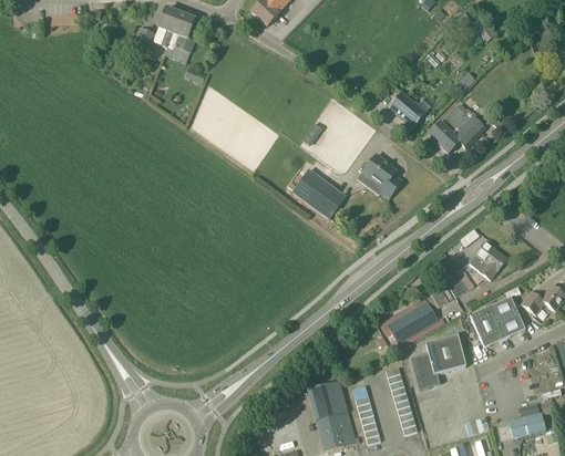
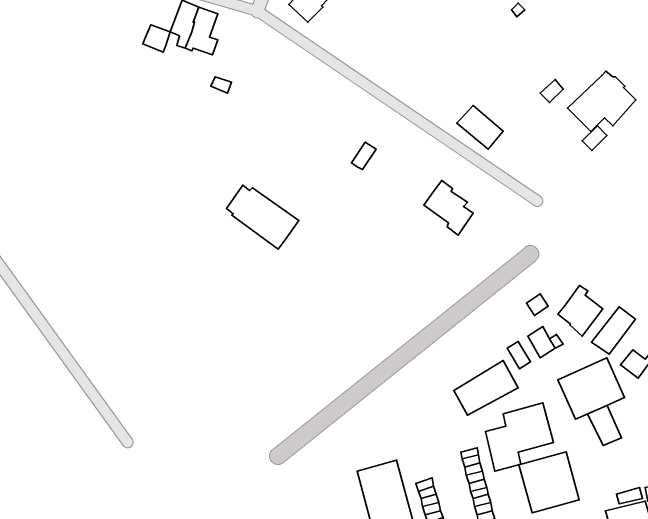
building: [429,103,484,152] -> [568,71,636,131]
building: [287,166,346,218] -> [226,185,299,249]
building: none -> [592,307,635,354]
building: none -> [588,405,622,446]
building: none -> [519,452,579,513]

